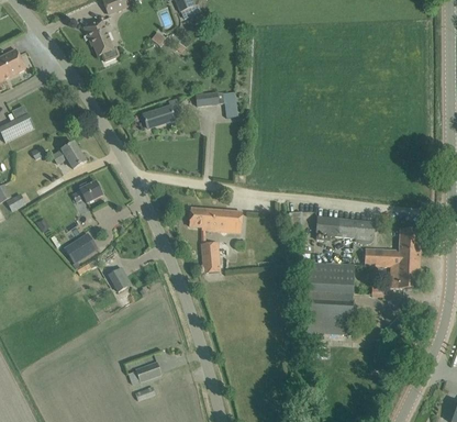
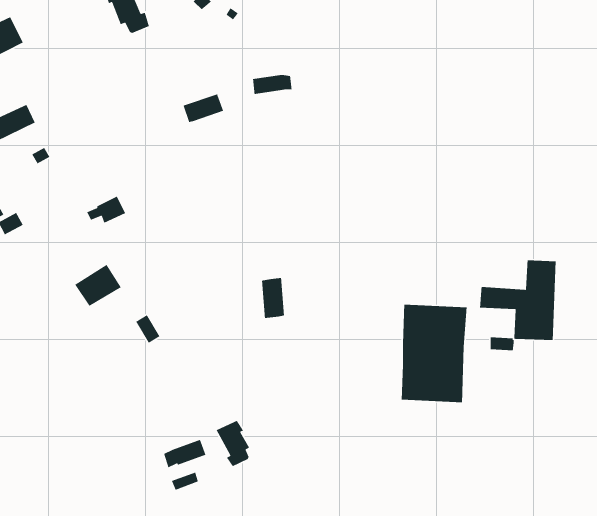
building: [52,142,86,169] -> none
building: [189,208,242,232] -> none
building: [315,215,376,243] -> none
building: none -> [216,420,250,467]

